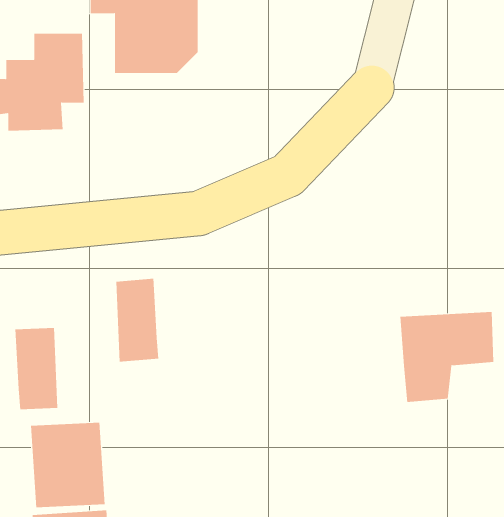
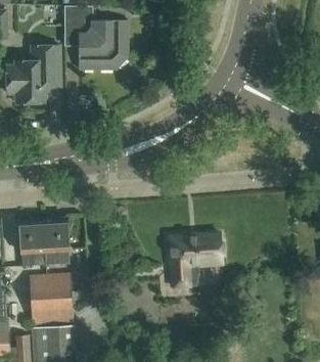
building: [115,278,159,362] -> [43,216,68,265]
building: [400,311,494,402] -> [168,234,223,287]

